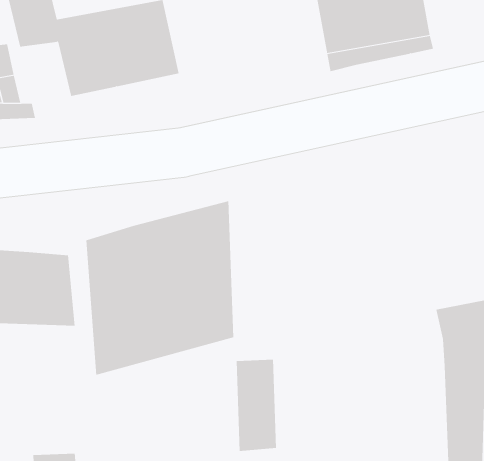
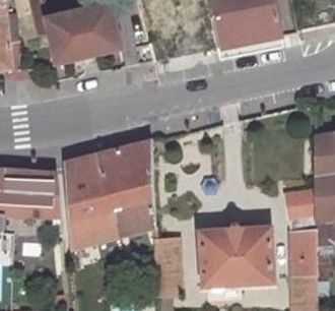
building: none -> [204,224,274,277]

